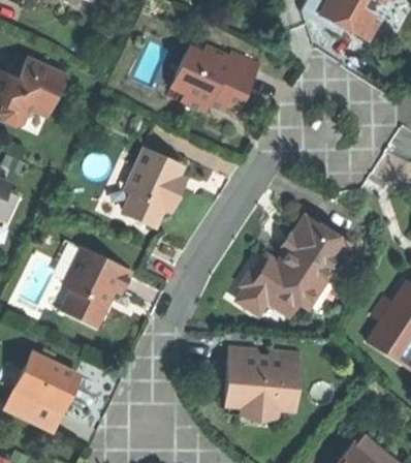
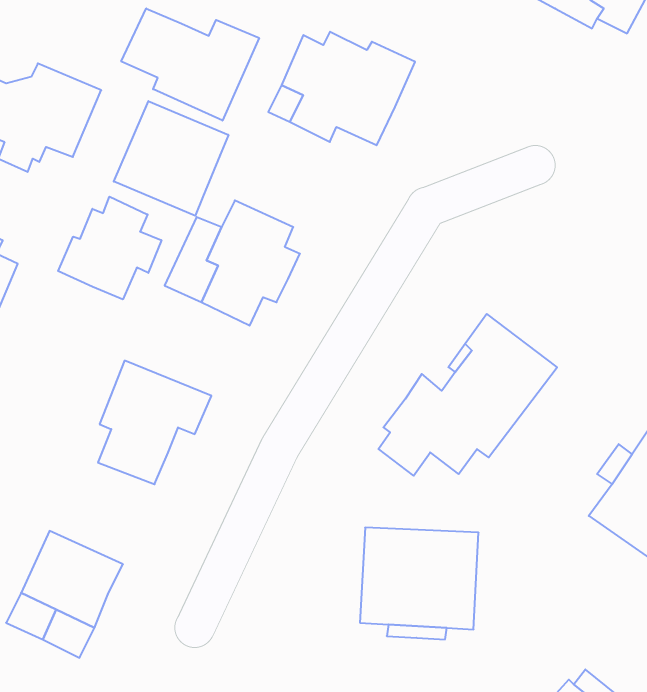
building: none -> [121,8,259,121]
building: none -> [114,101,228,216]
building: none -> [58,197,161,299]

